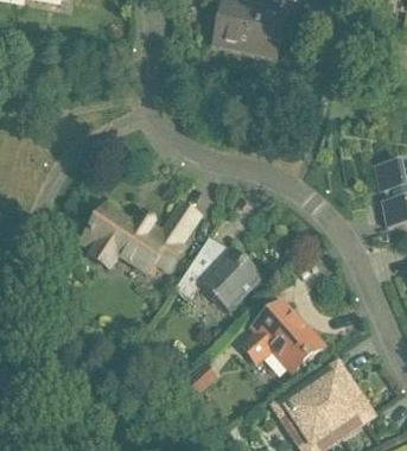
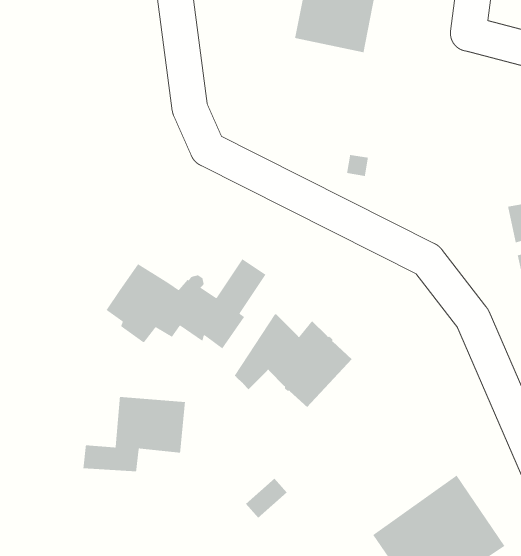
building: [242,303,323,370] -> none
building: none -> [82,396,186,472]

